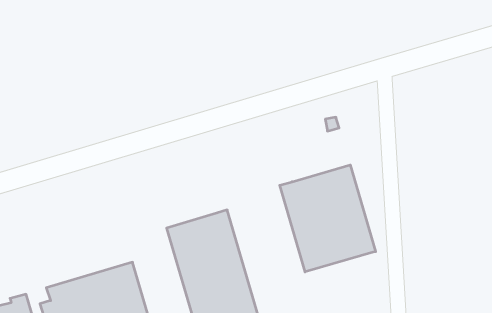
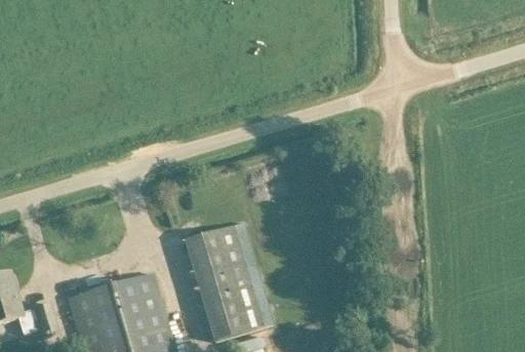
building: [280,165,376,272] -> none

